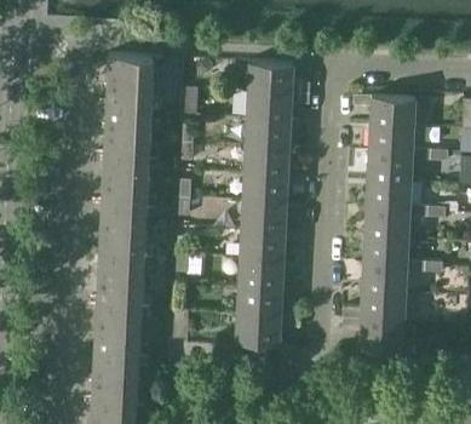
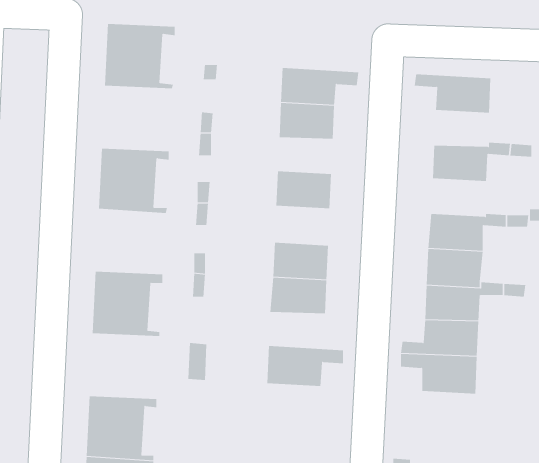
building: [248,62,310,93] -> none
building: [104,104,161,156] -> none
building: [369,124,414,153] -> none
building: [245,145,289,174] -> none
building: [367,178,412,208] -> none
building: [242,200,287,231] -> none
building: [99,202,156,254] -> none
building: [237,285,299,315] -> none
building: [94,302,151,354] -> none

